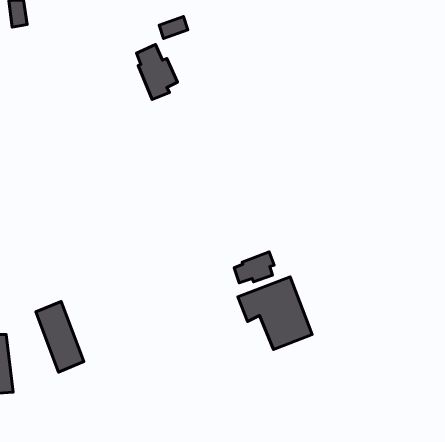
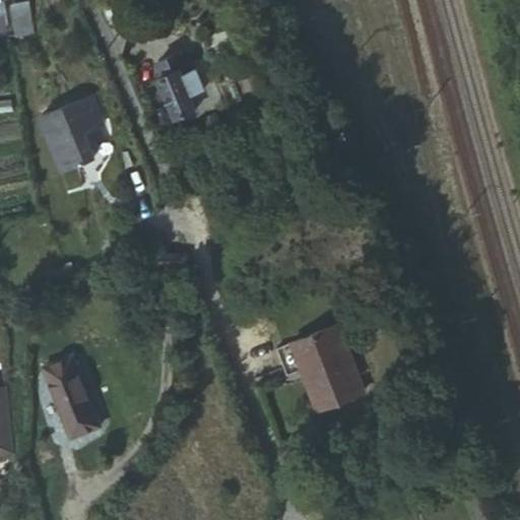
building: none -> [39,100,102,173]
building: [234,252,274,283] -> none

